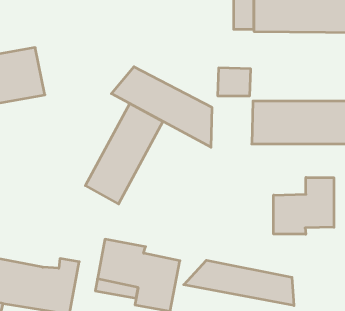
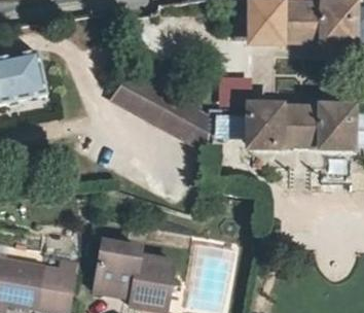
building: [85,103,163,204] -> none
building: [274,177,334,234] -> none
building: [184,260,294,306] -> none

